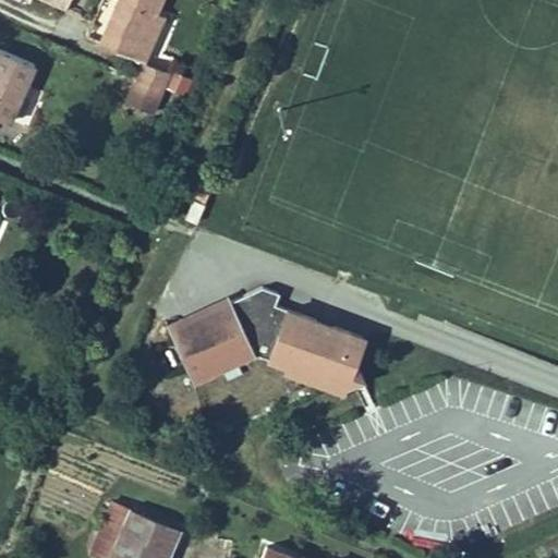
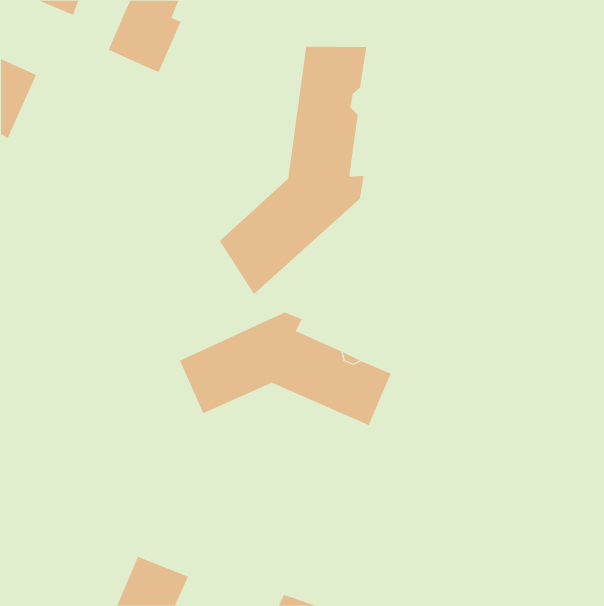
building: none -> [219,46,367,295]
building: [124,64,171,117] -> none

